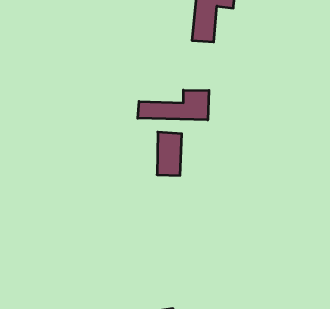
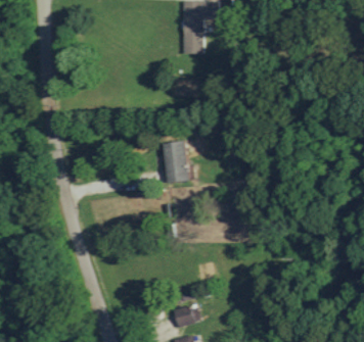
building: [138,90,209,120] -> none

